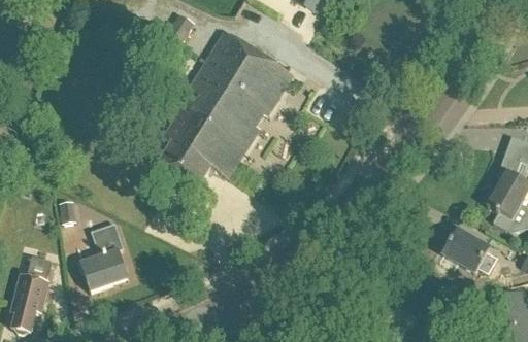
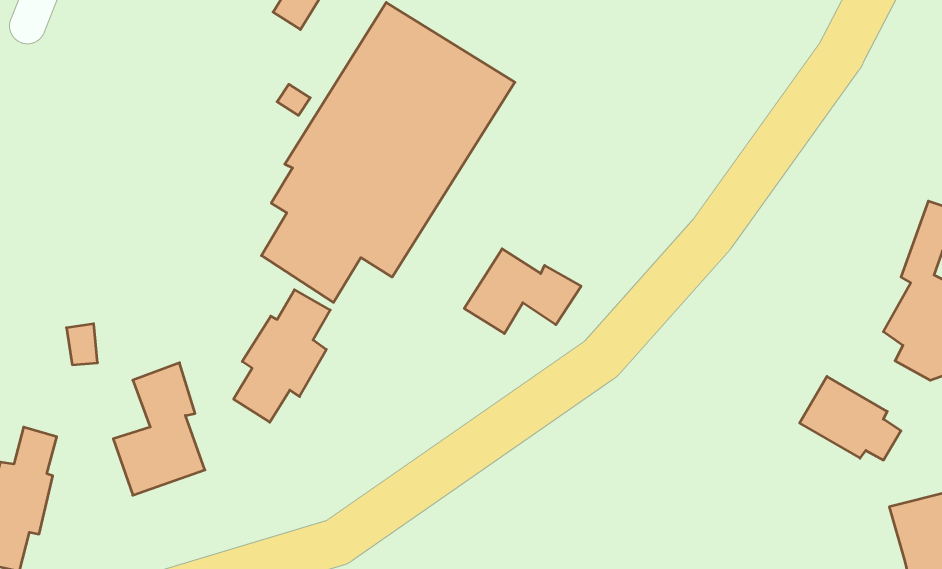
building: none -> [464,249,581,334]
building: none -> [234,290,330,422]

